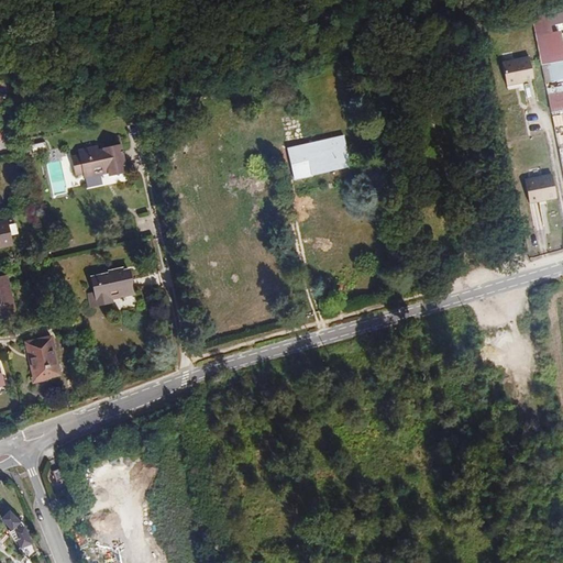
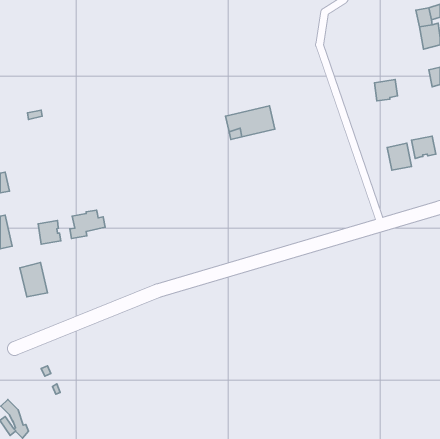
building: [504,58,533,86] -> [374,79,398,101]
building: [71,143,126,177] -> none
building: none -> [387,143,412,170]
building: none -> [38,220,61,244]

